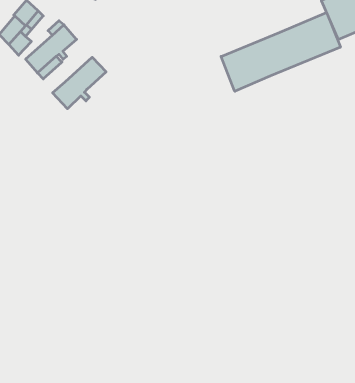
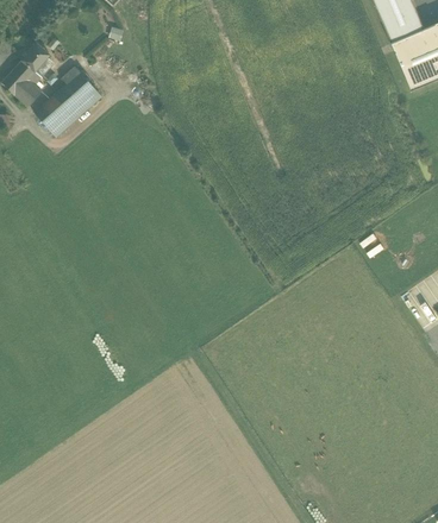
building: [221,12,340,91] -> none
building: [53,57,106,109] -> none

